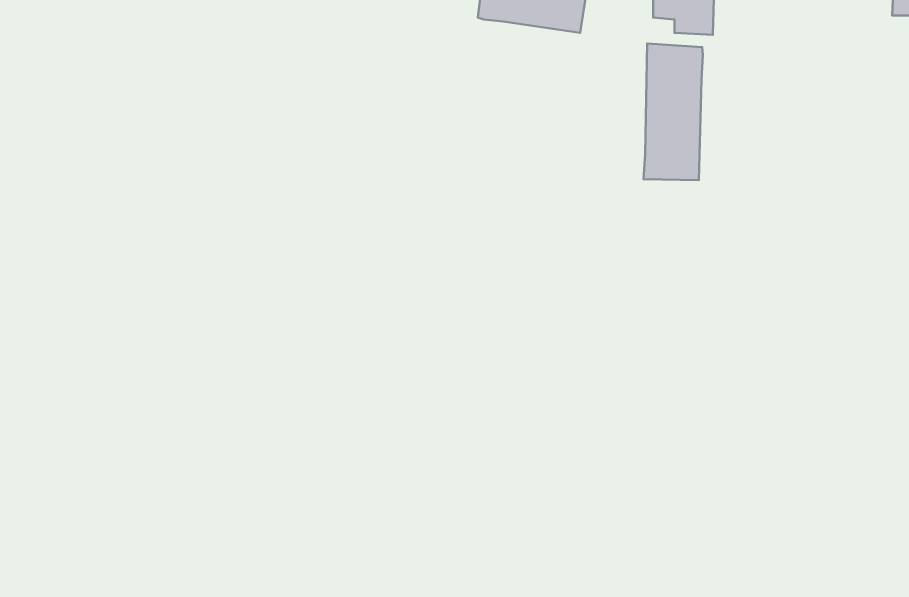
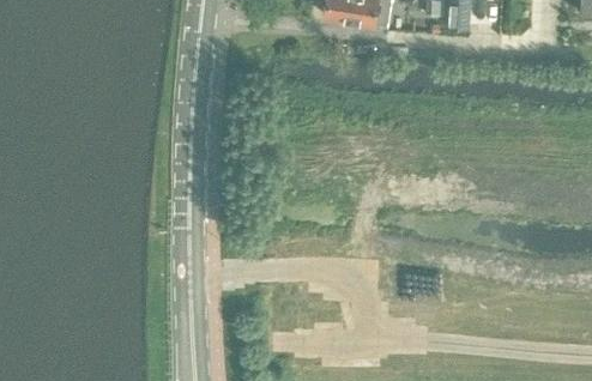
building: [644,44,703,180] -> none

